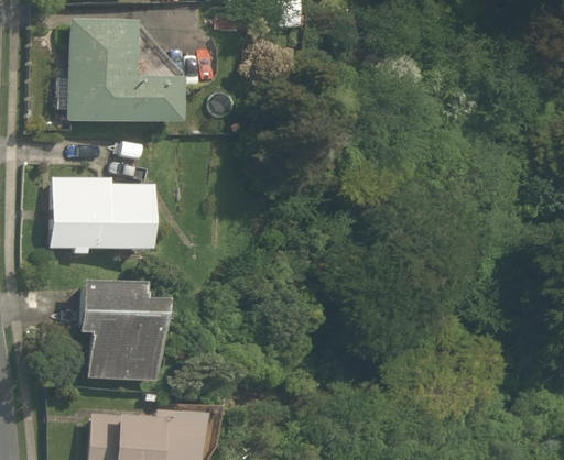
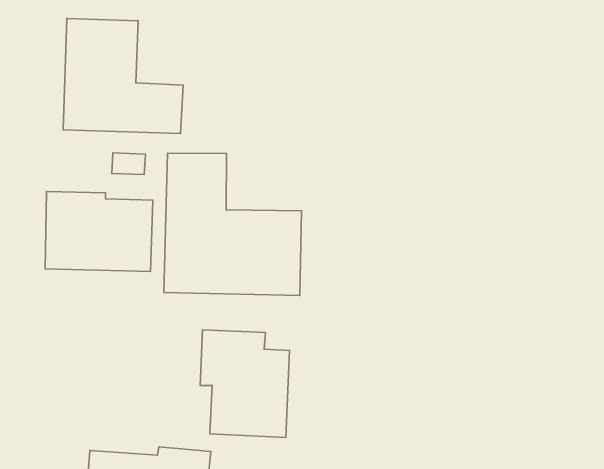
building: none -> [164,153,302,296]
building: [80,281,162,379] -> [200,330,290,438]

